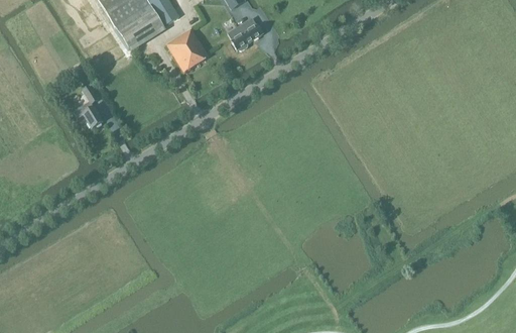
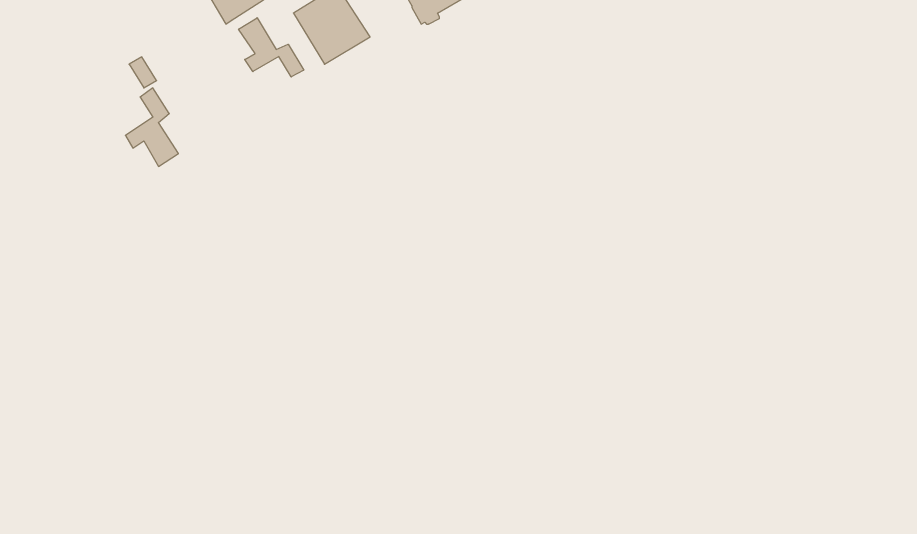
building: none -> [239,18,304,77]

